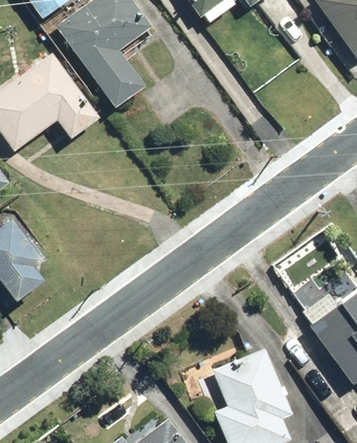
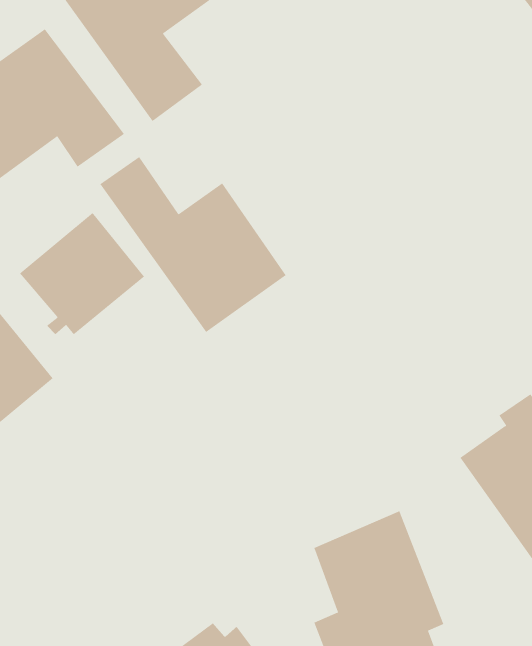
building: none -> [99,156,286,333]
building: none -> [19,212,145,335]

